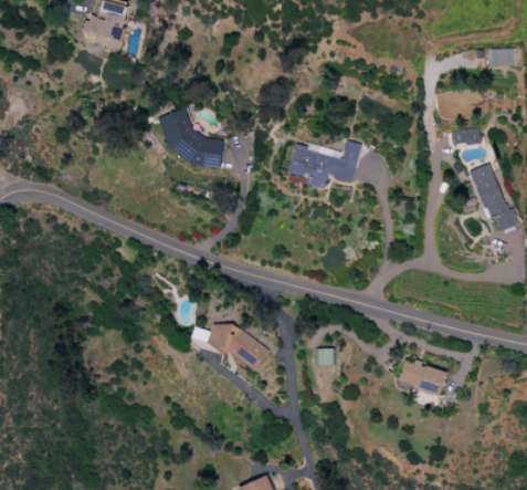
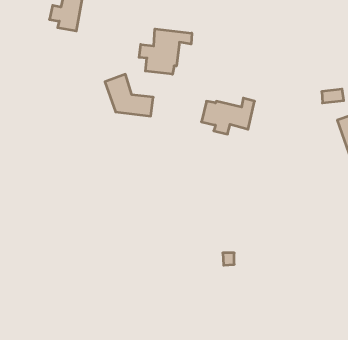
building: none -> [139,29,192,74]
building: [193,317,268,372] -> none
building: [398,358,447,395] -> none

